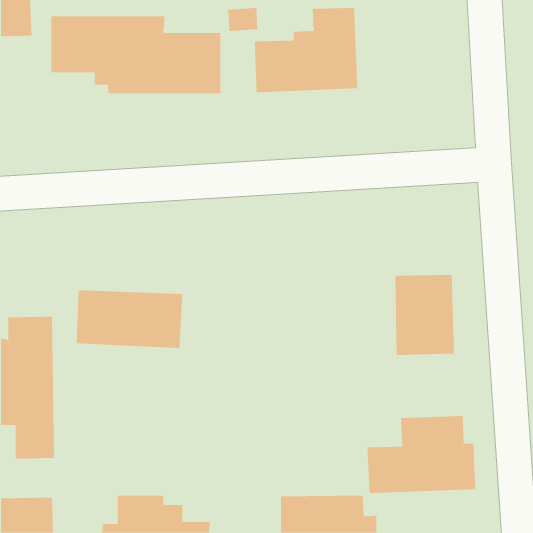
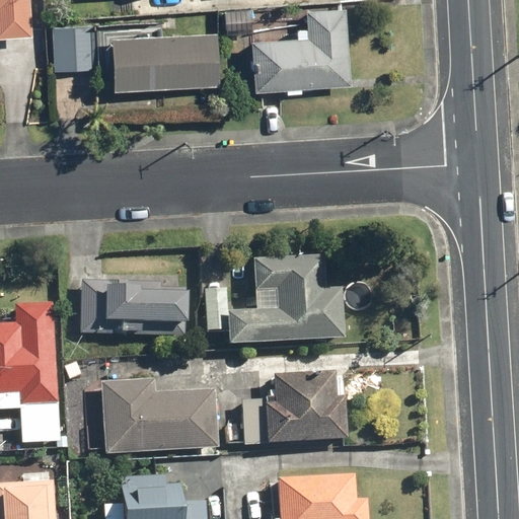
building: none -> [204,255,342,343]
building: [395,274,455,356] -> none
building: none -> [101,379,215,454]
building: [367,416,476,494] -> [240,370,346,445]

